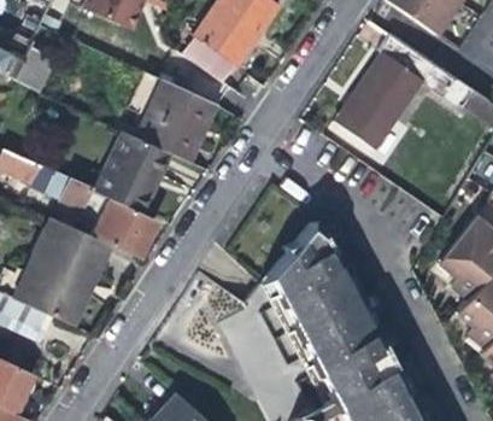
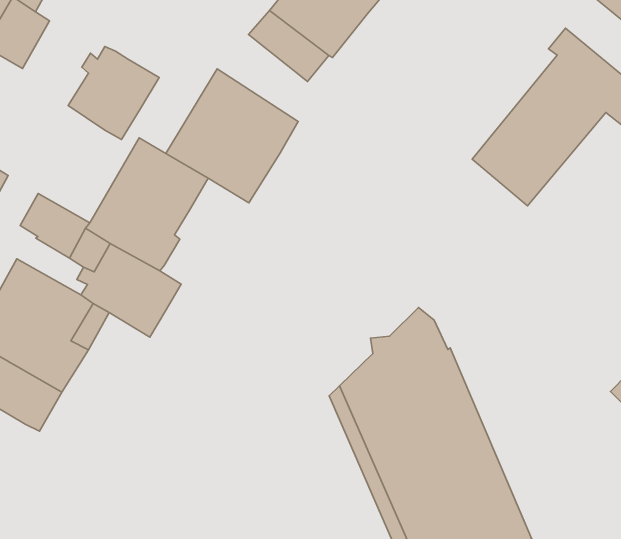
building: none -> [68,46,159,139]

